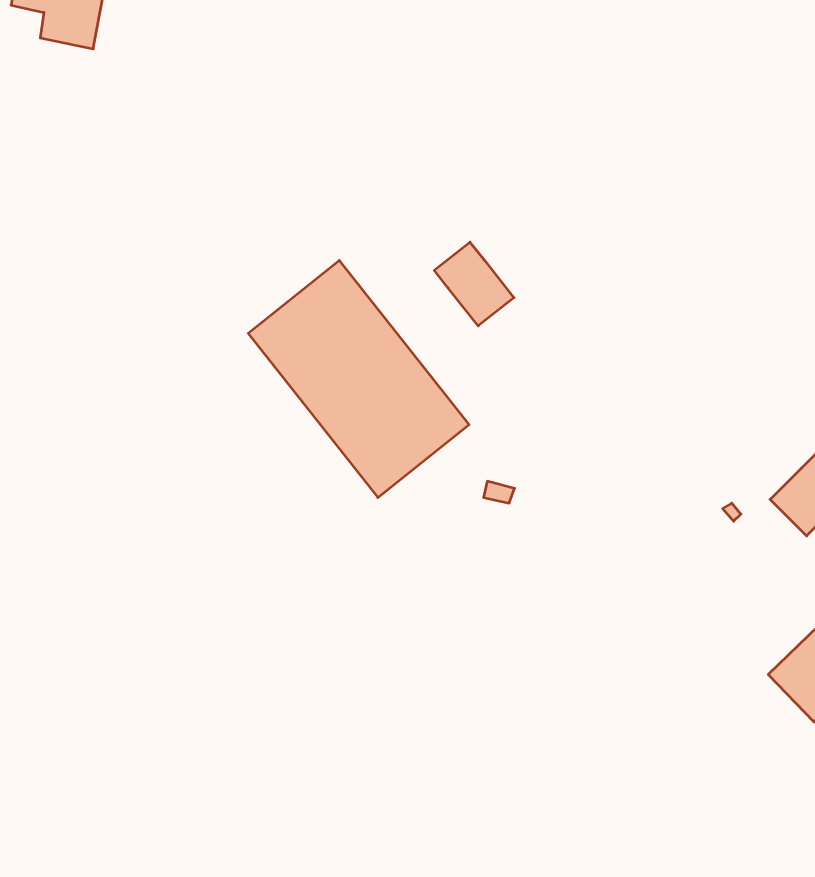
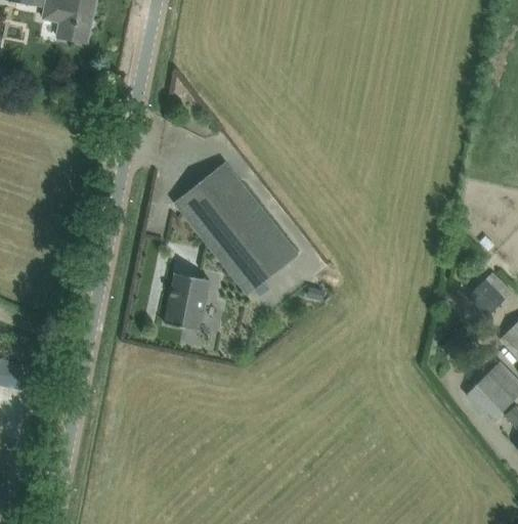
building: [434,242,514,326] -> none
building: none -> [165,272,212,330]

